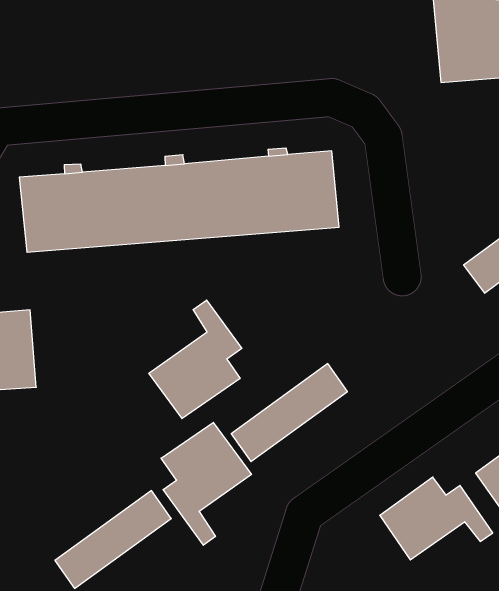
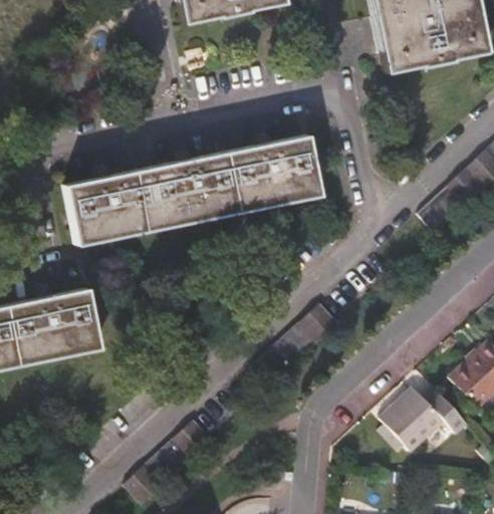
building: [149,300,242,419] -> none
building: [161,422,251,545] -> none

